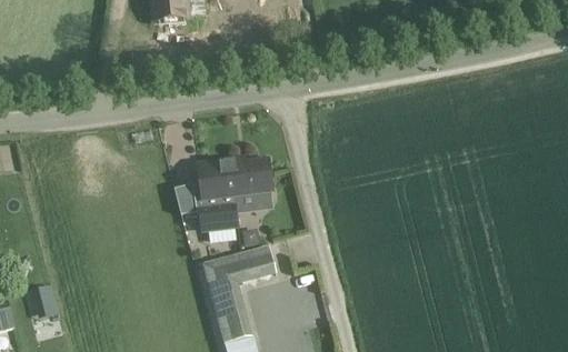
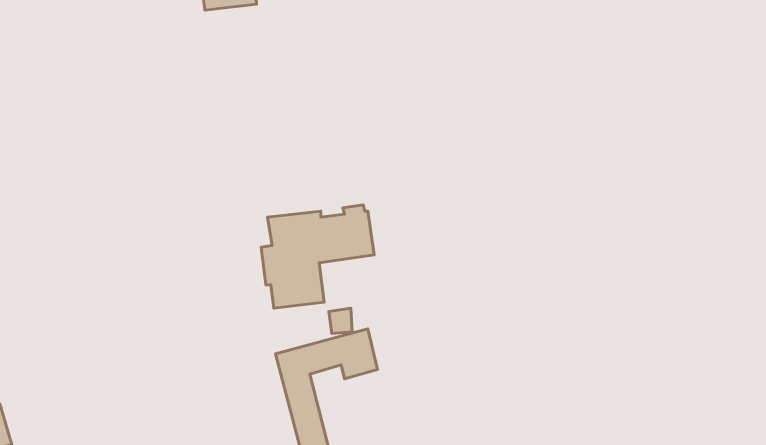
building: [30,283,60,318] -> none

